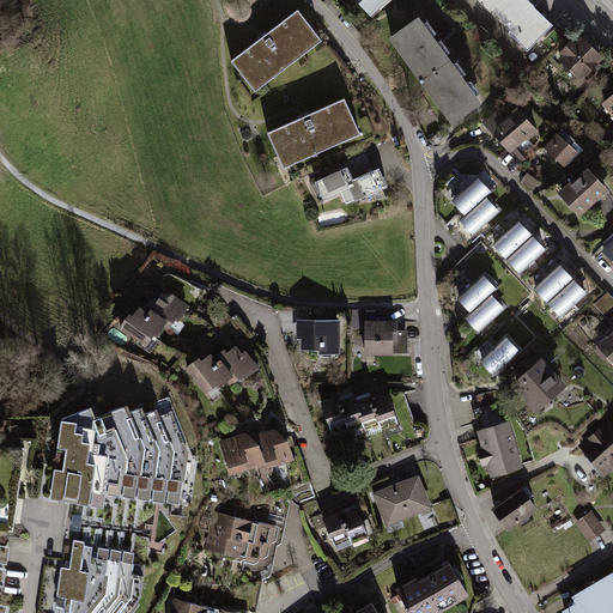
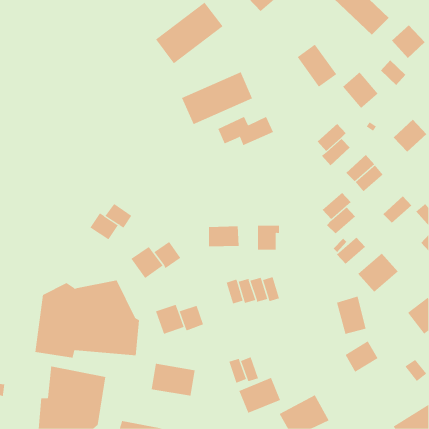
building: [390,19,448,81] -> none
building: [541,131,578,168] -> [380,60,406,86]
building: [532,263,572,304] -> none
building: [371,474,431,526] -> [239,377,281,413]

